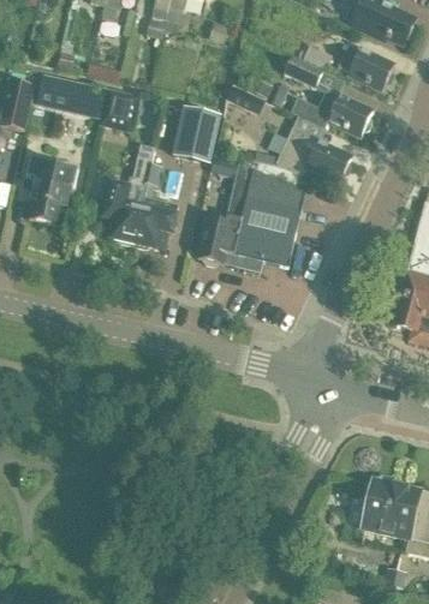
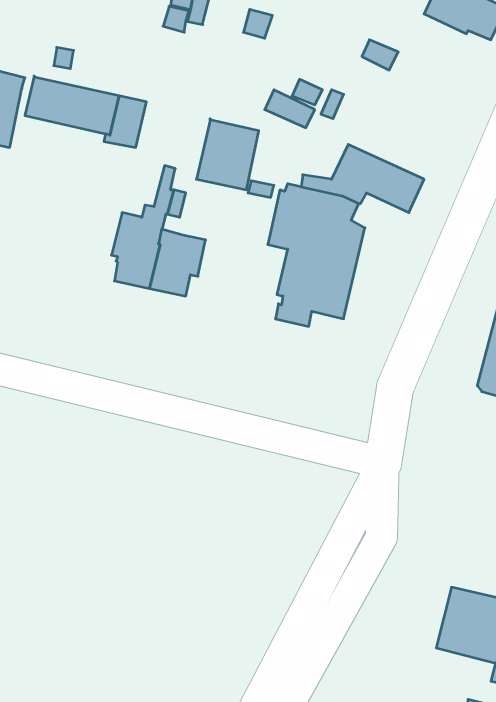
building: [340,42,395,90] -> none
building: [284,56,374,136] -> none
building: [28,151,81,223] -> none
building: [199,207,244,262] -> none

